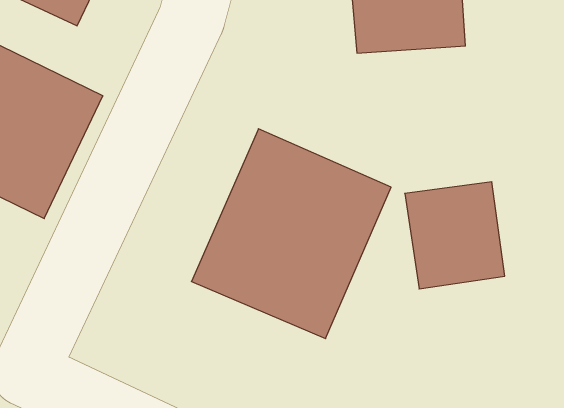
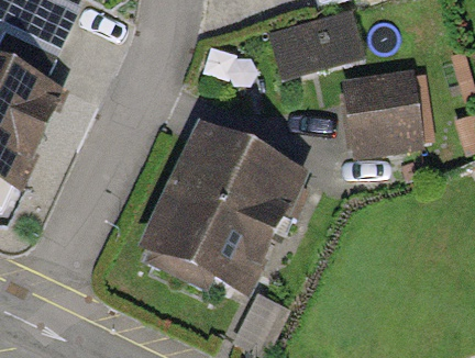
building: [405,182,505,289] -> [346,71,423,154]

